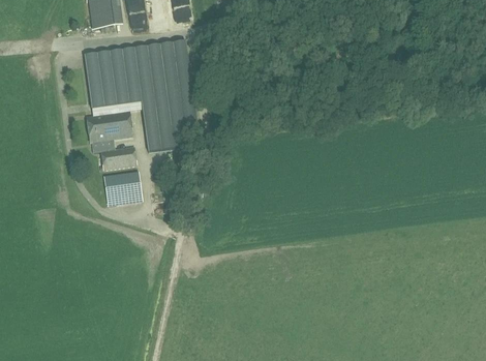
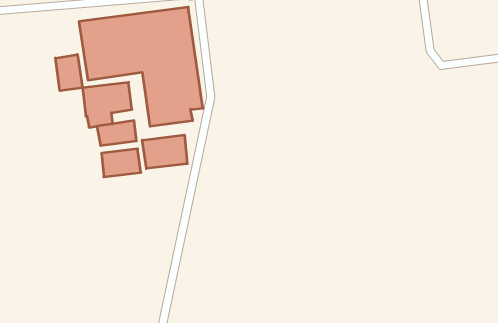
building: none -> [55,54,82,91]
building: none -> [142,135,187,169]

